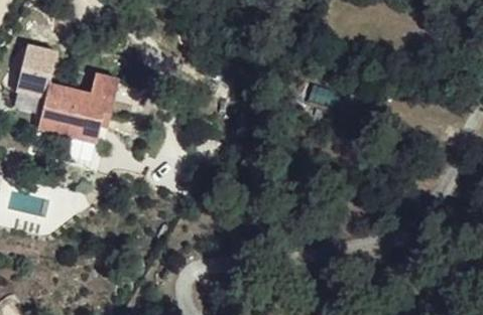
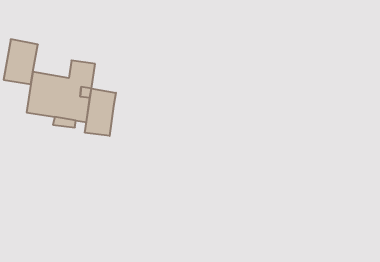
building: none -> [85,89,116,136]

